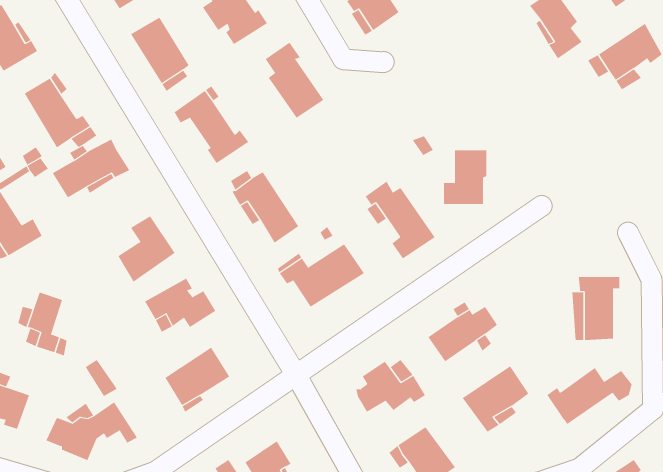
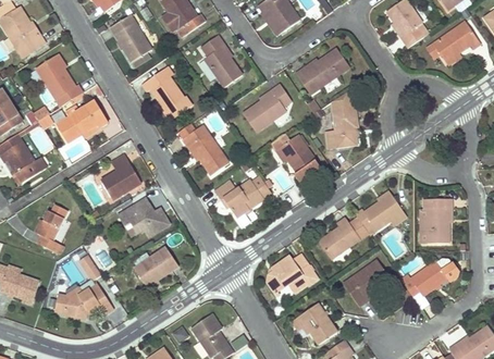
building: none -> [298,49,349,94]
building: none -> [240,83,293,135]
building: none -> [353,188,402,228]

